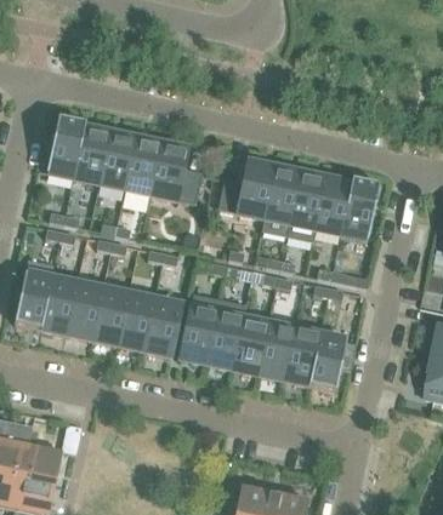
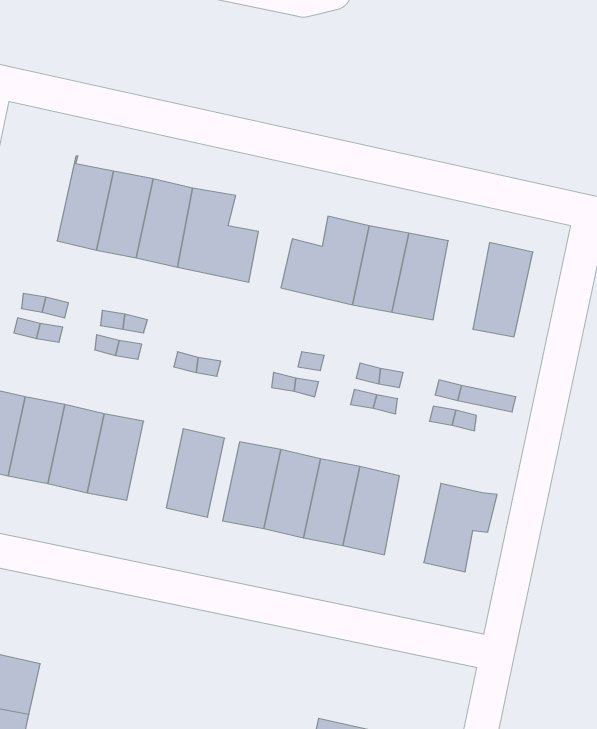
building: [45,115,84,176] -> none
building: [314,176,351,233] -> none
building: [117,292,153,348] -> none
building: [283,327,319,383] -> none

